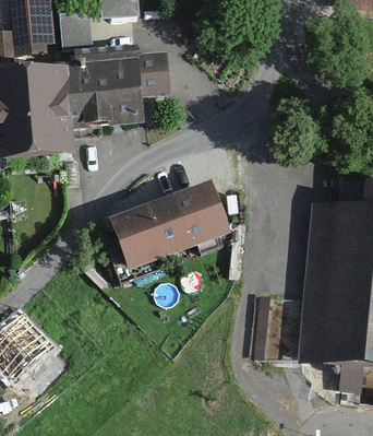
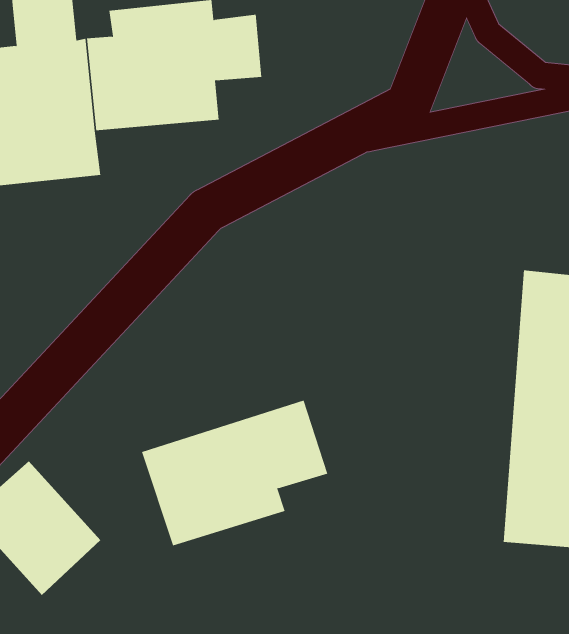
building: [119,185,229,271] -> [141,400,328,546]

